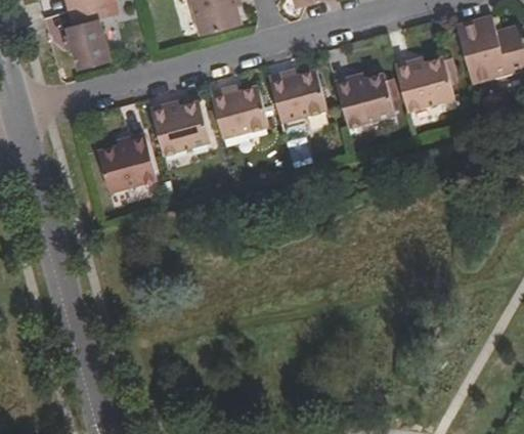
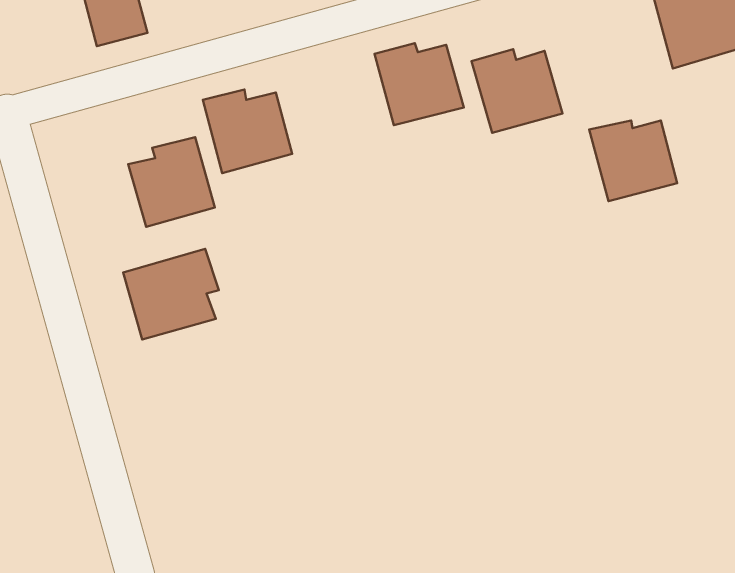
building: [394,57,454,113] -> [589,121,677,201]
building: [210,84,269,139] -> none
building: none -> [123,249,219,339]

